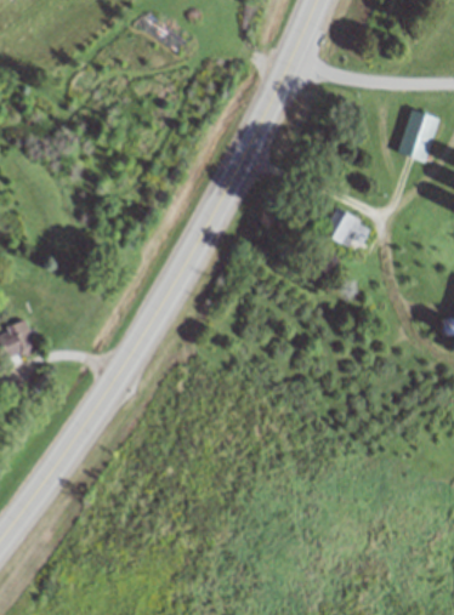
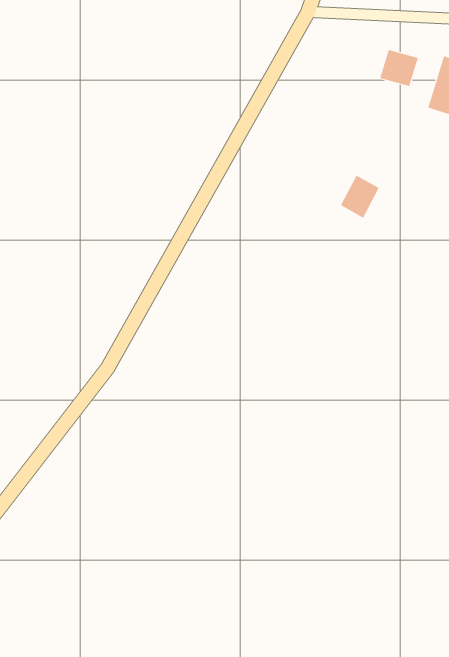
building: none -> [379,49,419,87]

